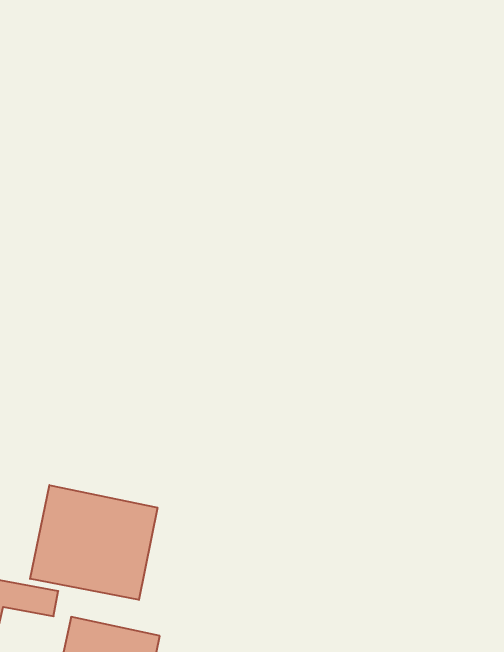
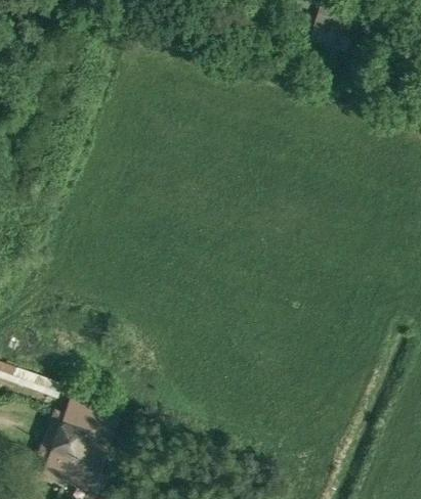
building: [30,485,157,600] -> none

